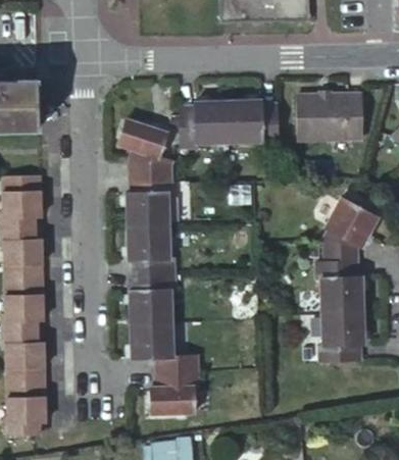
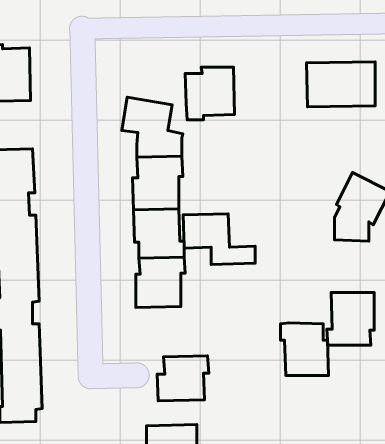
building: [227,97,273,146] -> none
building: [314,262,360,312] -> [280,323,329,375]
building: [134,325,202,373] -> [183,214,255,264]

